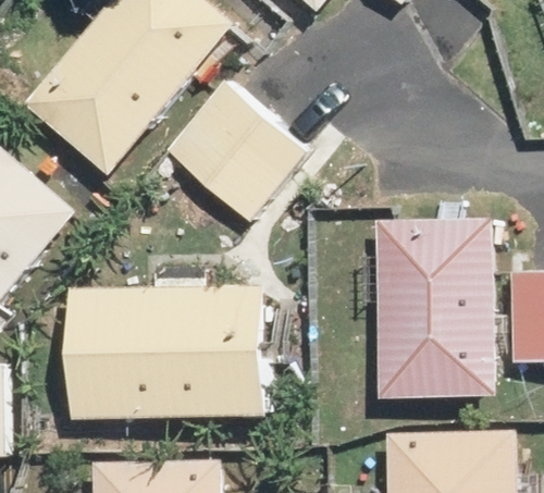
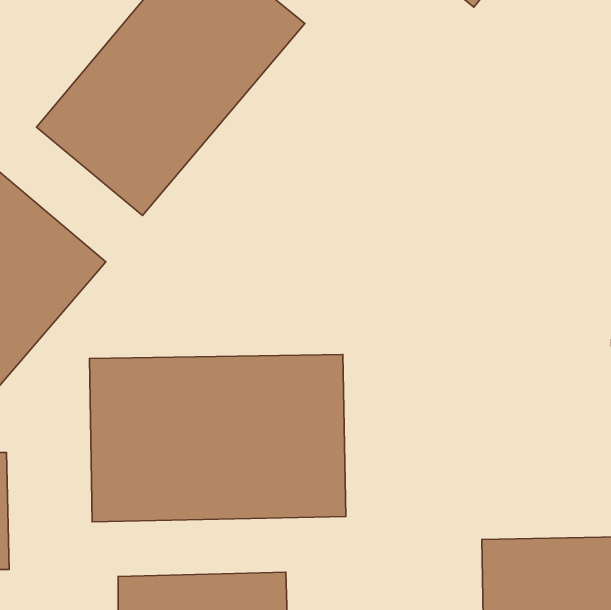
building: [174,82,311,217] -> none
building: [379,217,483,399] -> none

